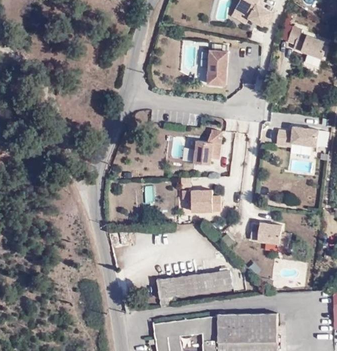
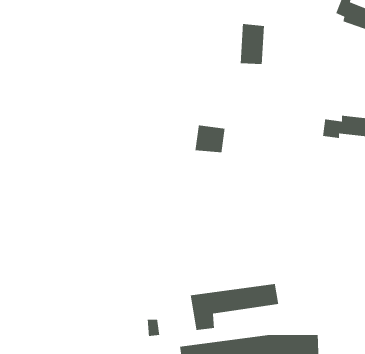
building: [194,130,222,166] -> none
building: [182,191,220,213] -> none
building: [250,224,289,250] -> none

